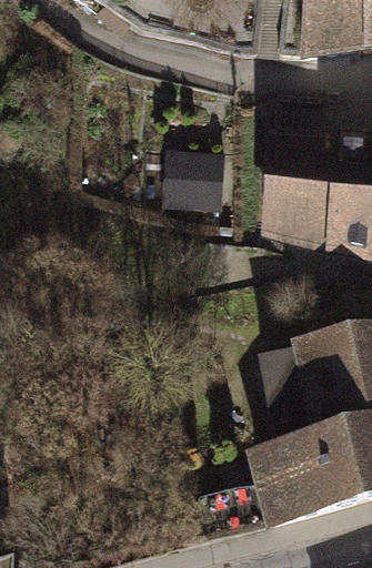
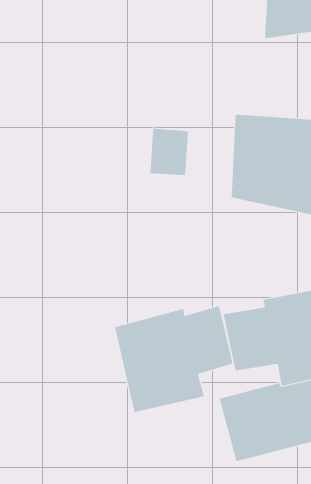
building: none -> [114,305,233,413]

